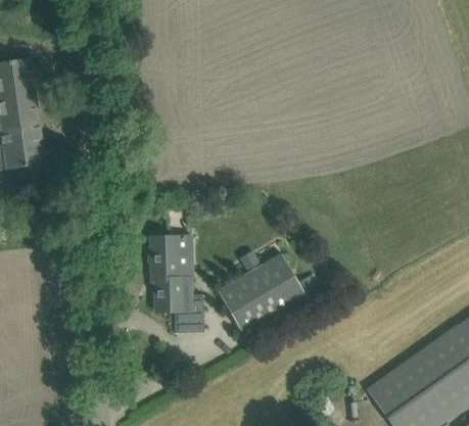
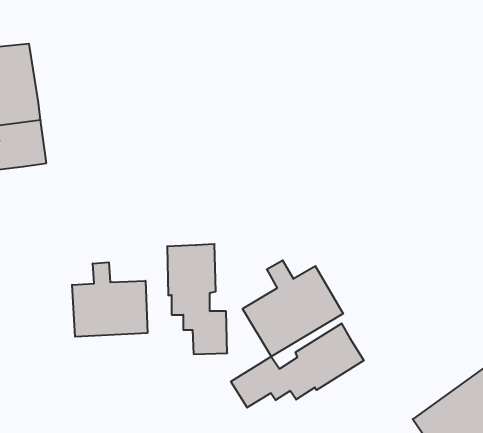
building: none -> [72,262,147,337]
building: none -> [231,323,364,408]

